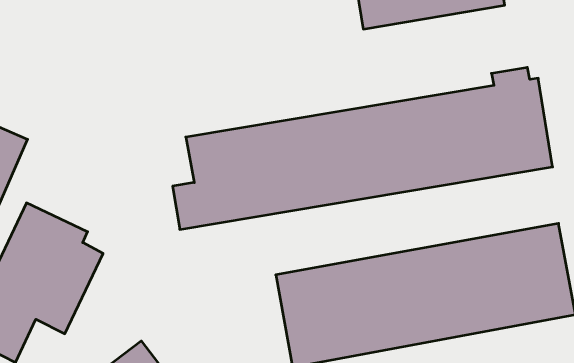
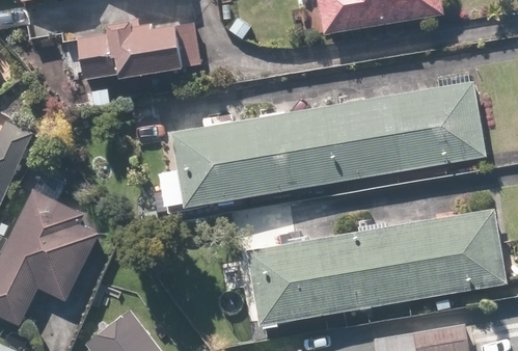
building: none -> [77,19,183,82]

